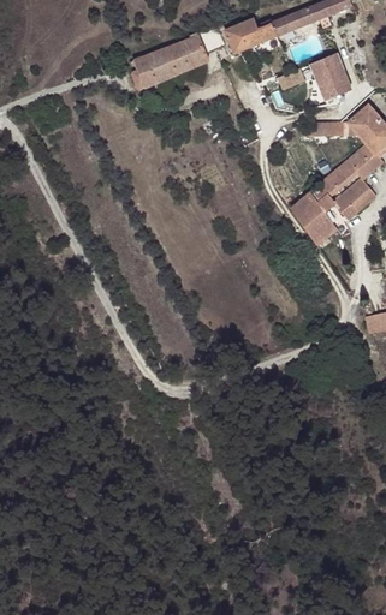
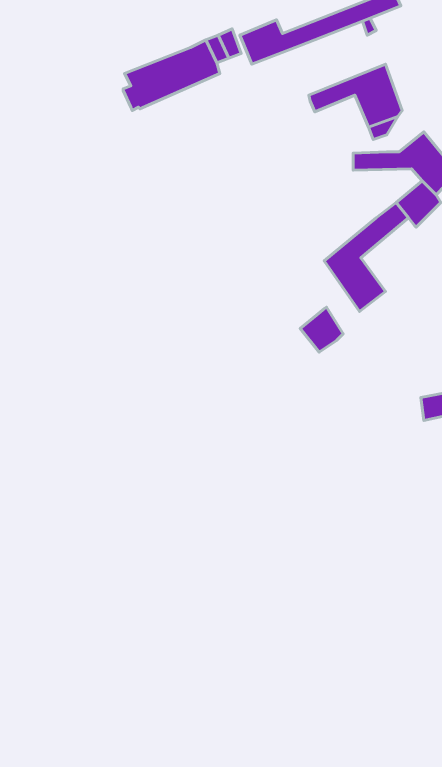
building: [333,179,376,221] -> none
building: none -> [300,307,343,352]

